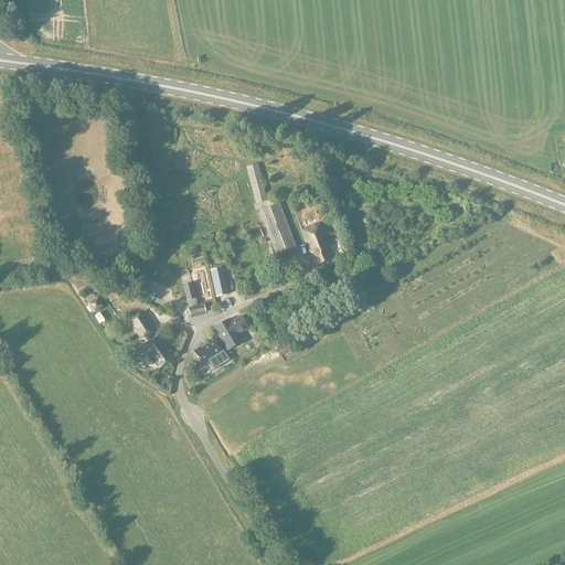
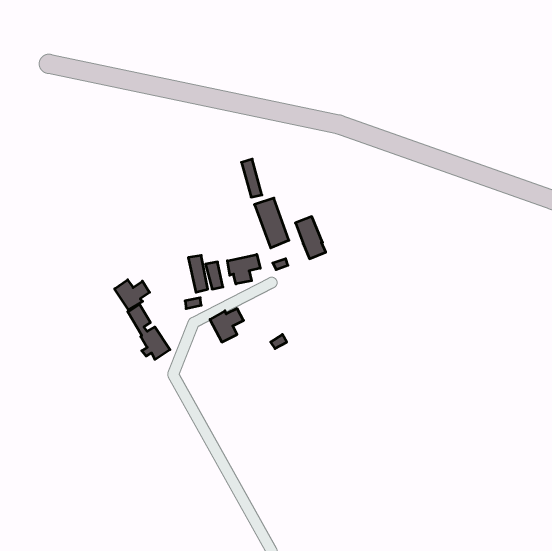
building: none -> [227,254,260,284]
building: none -> [115,280,150,310]
building: [194,335,230,369] -> none

